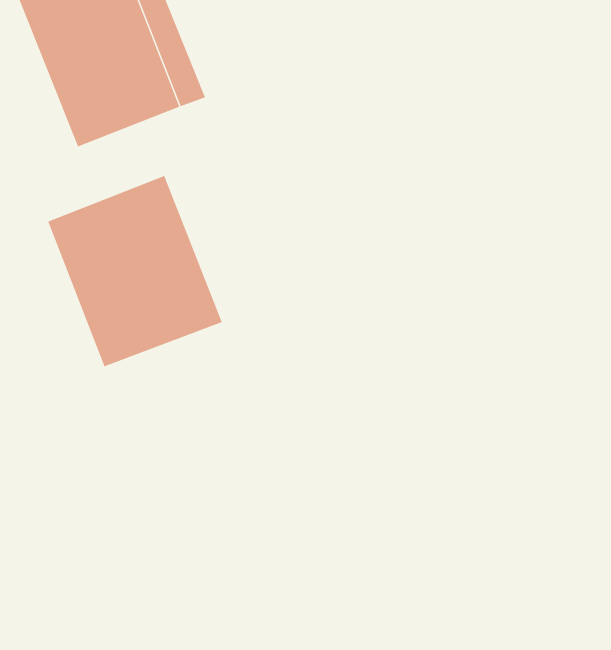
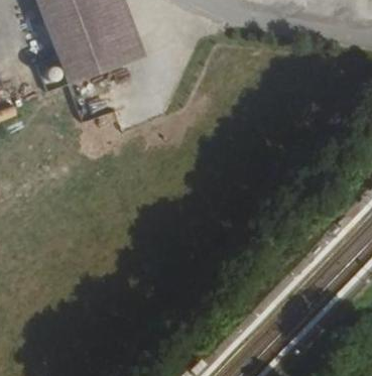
building: [48,175,222,367] -> none

